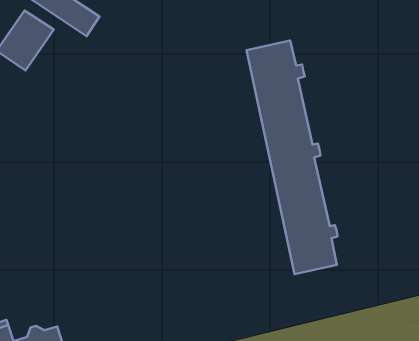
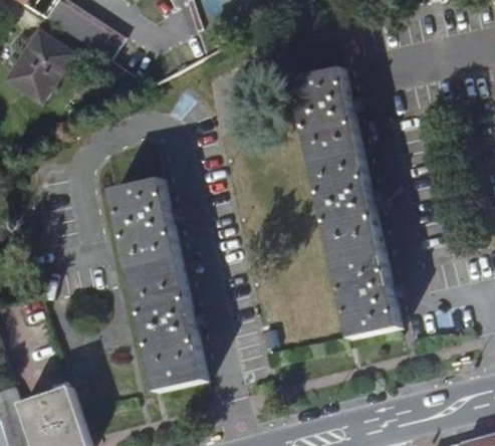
building: none -> [112,179,204,390]

